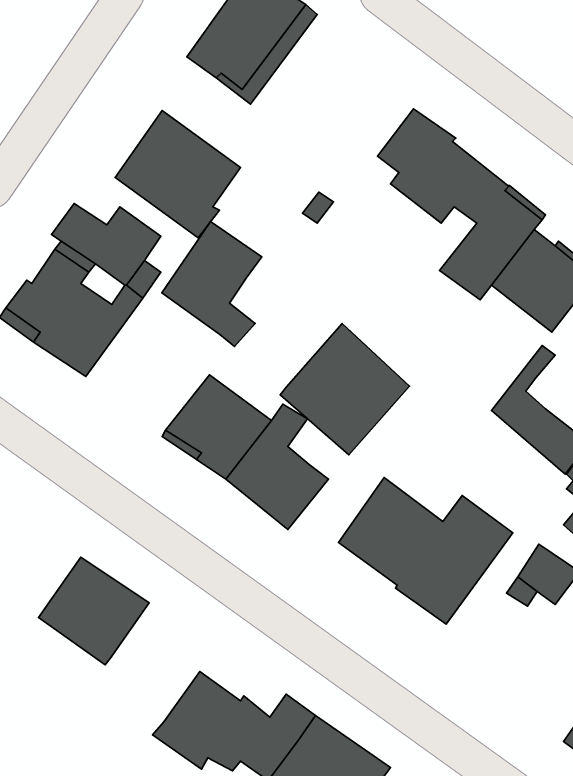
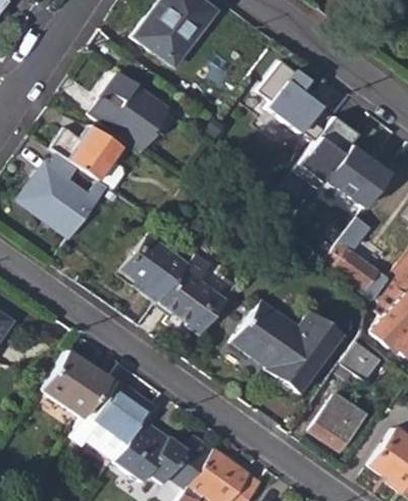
building: [162,222,262,346] -> none
building: [280,323,409,455] -> none
building: none -> [71,382,156,461]
building: none -> [313,394,367,451]

